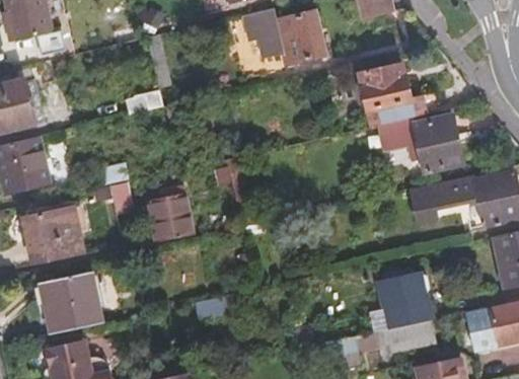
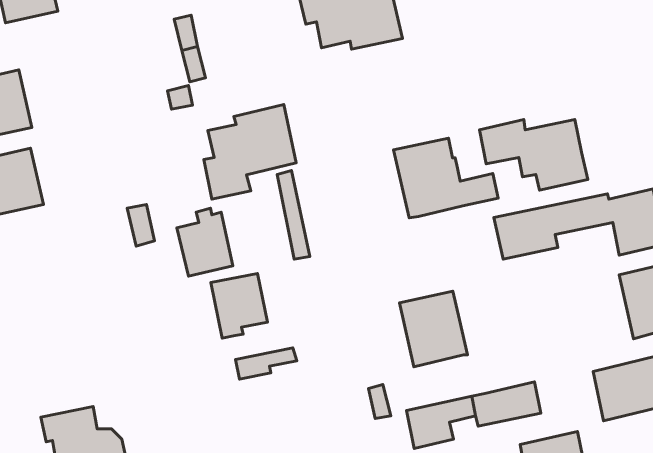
building: [364,64,445,126] -> [394,138,498,218]
building: none -> [204,104,296,199]
building: [20,206,79,259] -> none
building: none -> [211,273,268,338]
building: [376,271,429,329] -> [399,291,467,367]
building: [39,273,100,334] -> none

